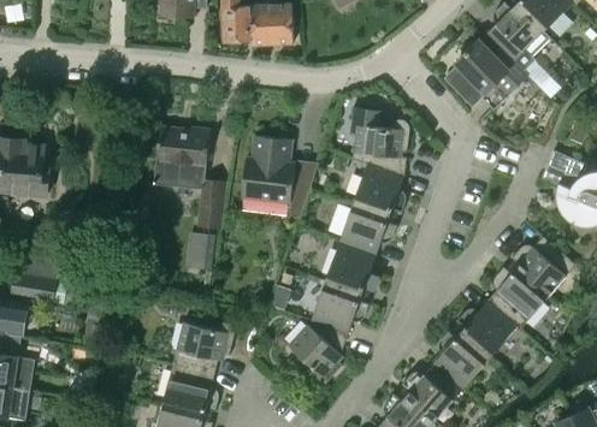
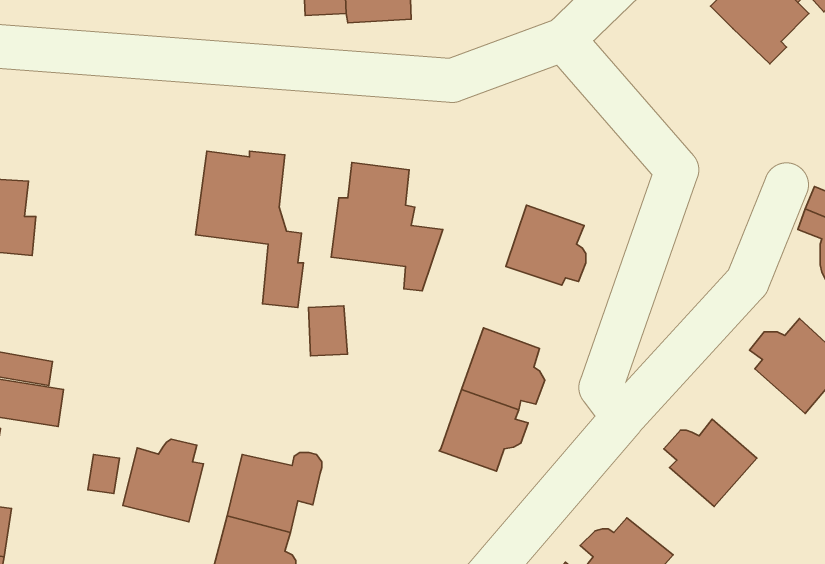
building: [448,40,527,109] -> none
building: [350,107,409,176] -> none
building: [338,202,395,255] -> none
building: [185,233,211,266] -> [309,306,348,356]
building: [486,267,546,328] -> none
building: none -> [123,439,203,522]
building: [289,321,347,384] -> none
building: [431,330,487,389] -> none

